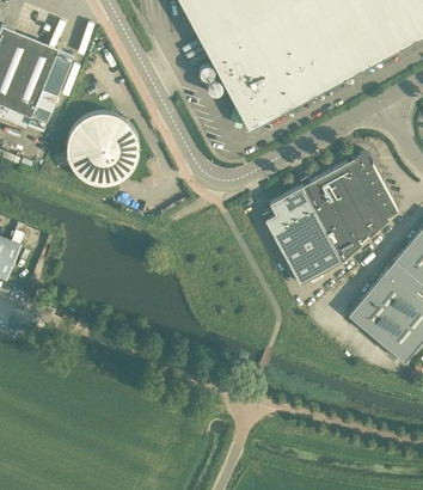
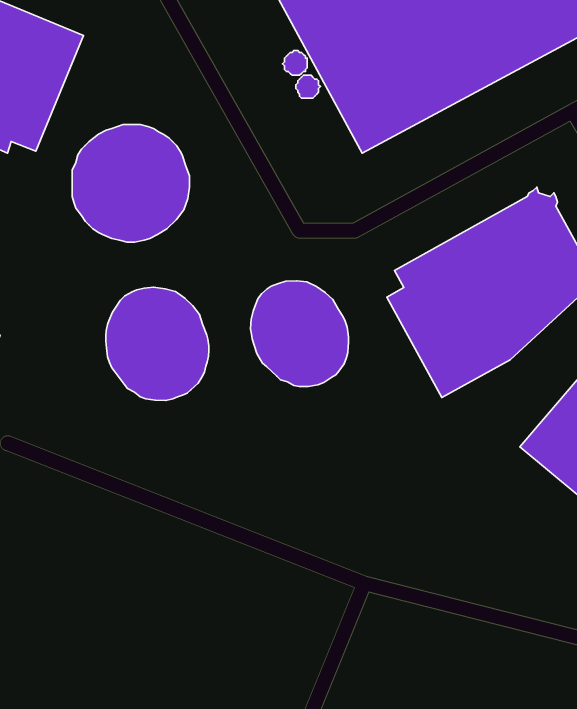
building: none -> [251,281,349,387]
building: none -> [106,287,209,400]

